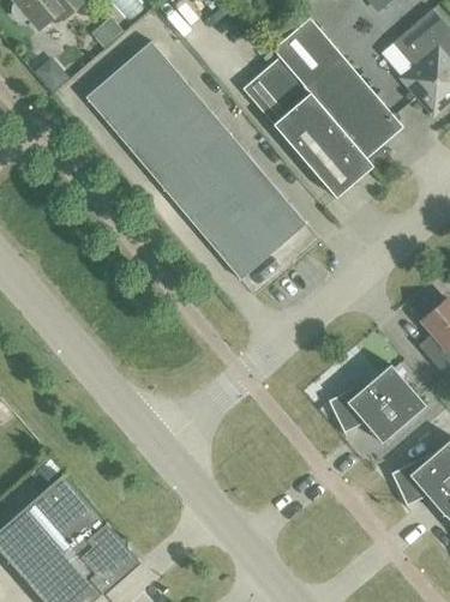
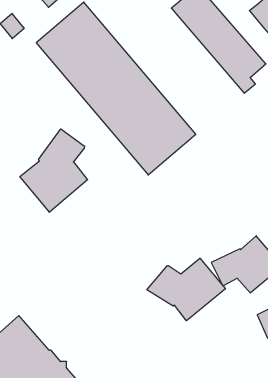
building: [242,56,373,198] -> none
building: none -> [20,129,88,212]
building: none -> [147,258,225,321]

